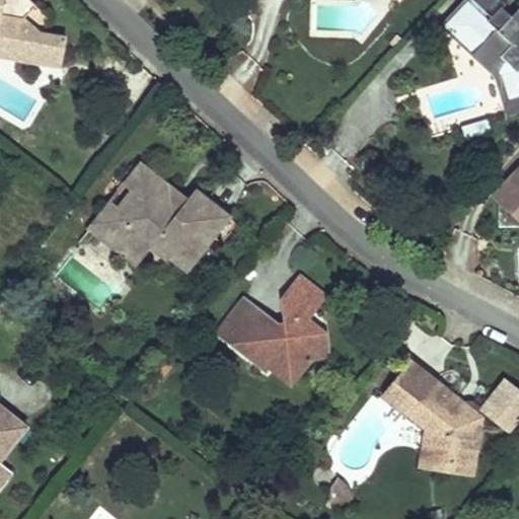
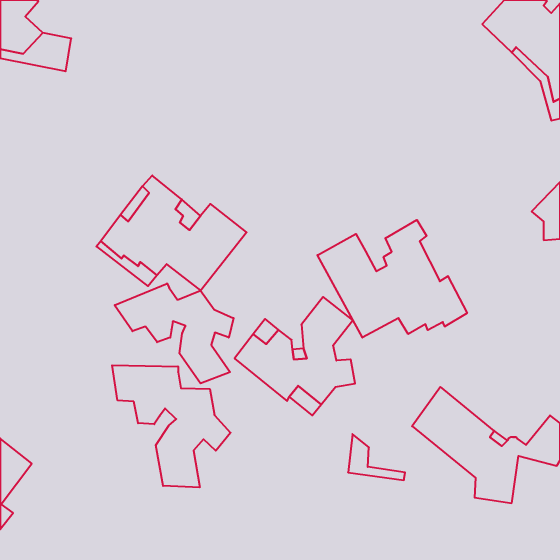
building: none -> [317,220,467,338]
building: none -> [115,283,234,383]
building: none -> [112,365,231,487]
building: [421,430,473,472] -> [348,434,405,480]

